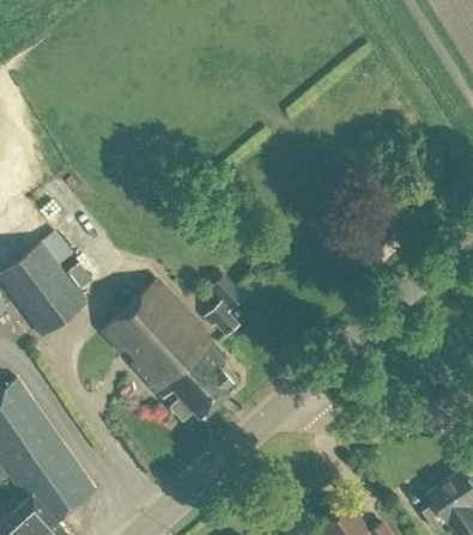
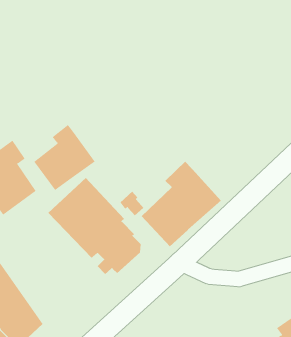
building: none -> [33,124,96,191]
building: none -> [141,161,222,247]

